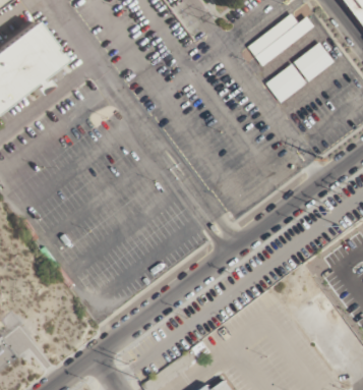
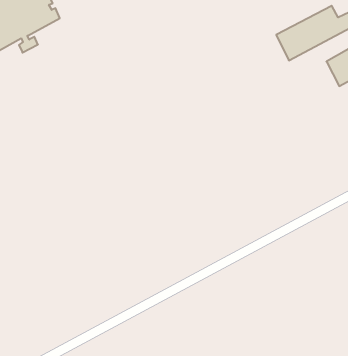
building: [266,64,307,104] -> none

